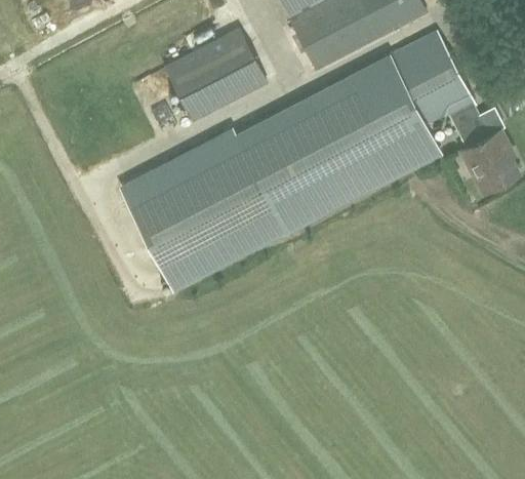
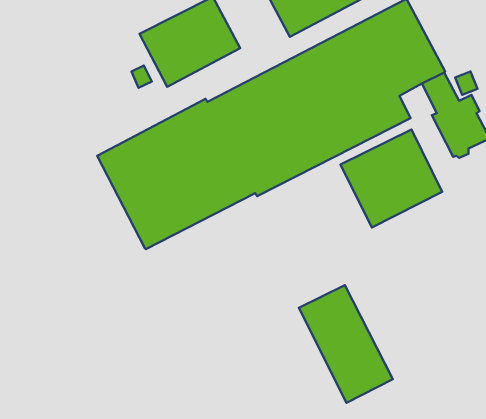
building: none -> [340,130,442,227]
building: none -> [299,285,393,403]

